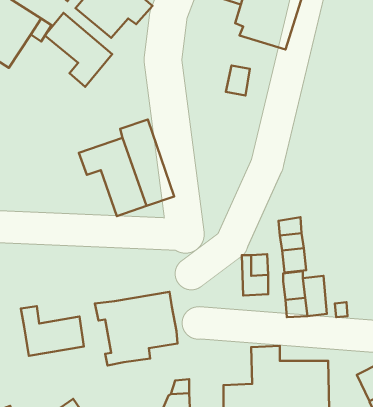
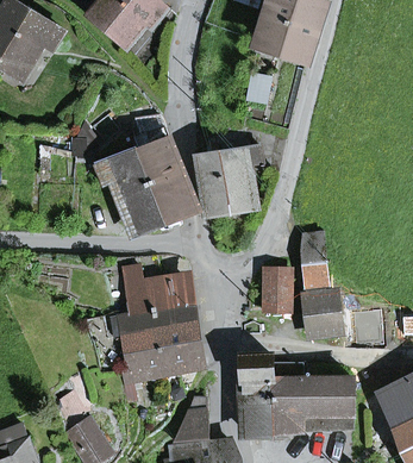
building: [45,13,112,87] -> none
building: none -> [198,145,262,212]
building: [21,306,84,356] -> [123,267,188,318]
building: none -> [243,357,274,405]

